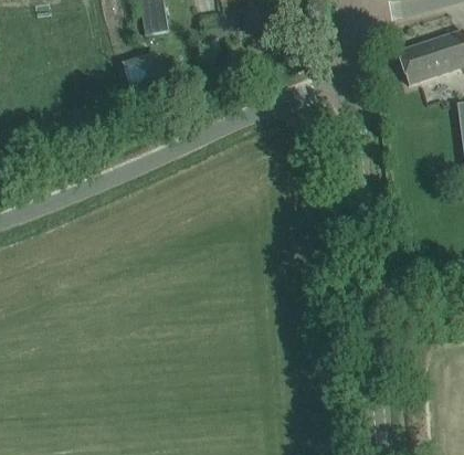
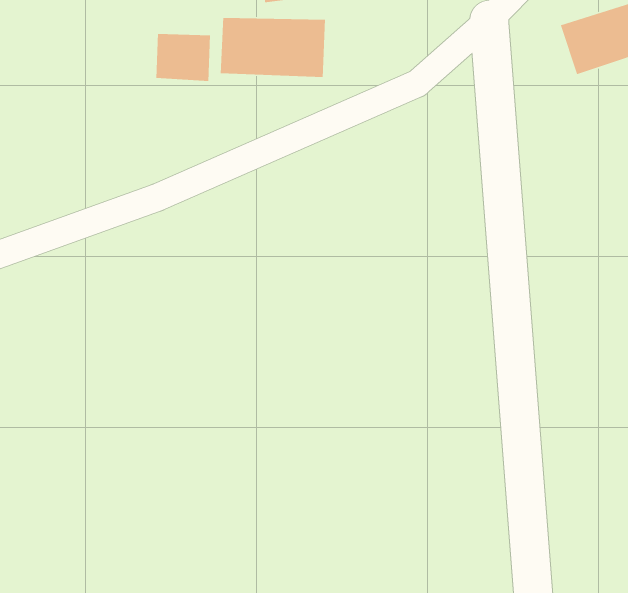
building: none -> [220,17,326,78]

